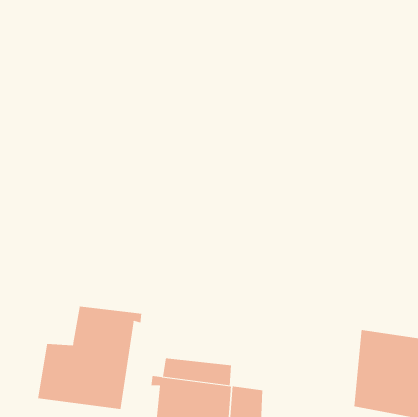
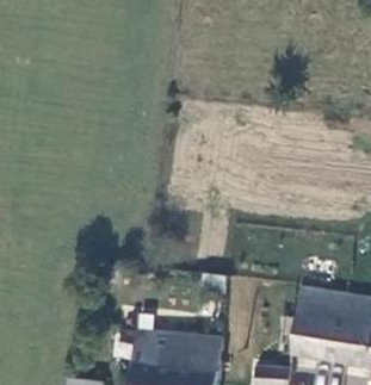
building: [37,305,142,410] -> none

